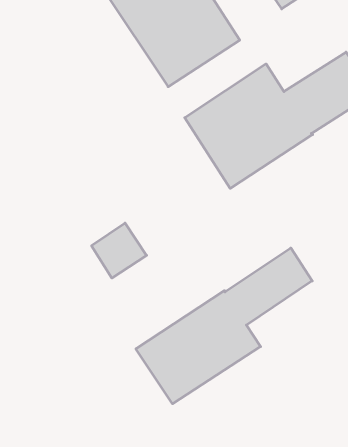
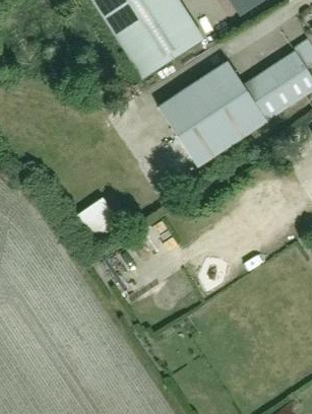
building: [136,248,312,404] -> none

